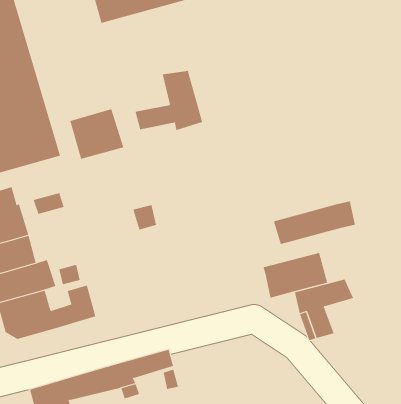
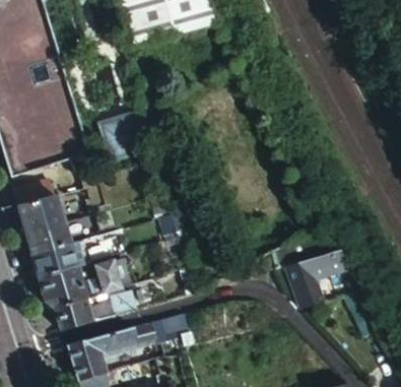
building: [135,70,203,131] -> none
building: [274,200,356,245] -> none
building: [263,252,328,298] -> none
building: none -> [55,297,115,328]

